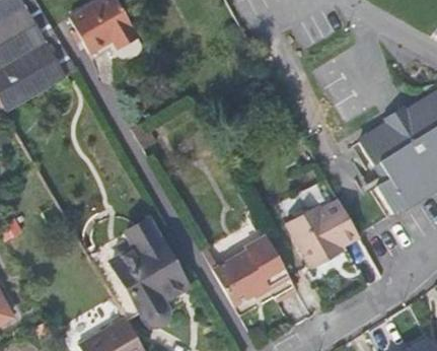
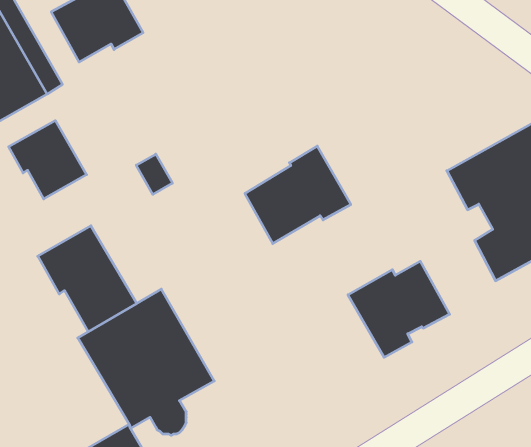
building: none -> [9,121,87,199]
building: none -> [38,226,137,332]
building: [213,235,290,306] -> [245,146,351,244]

